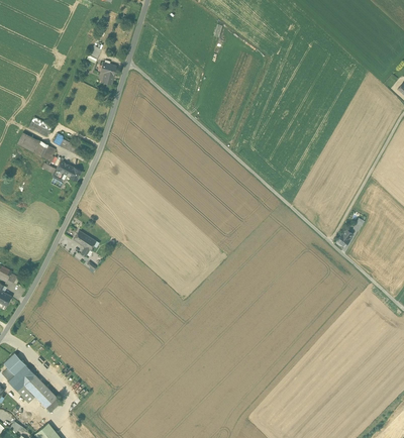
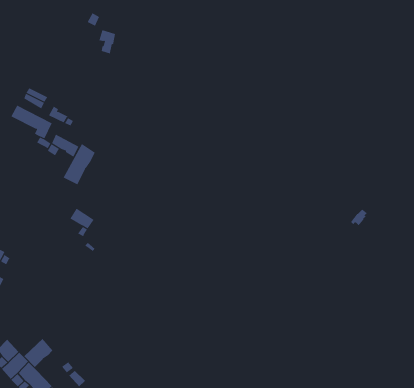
building: none -> [63,143,95,185]
building: none -> [24,338,53,368]

